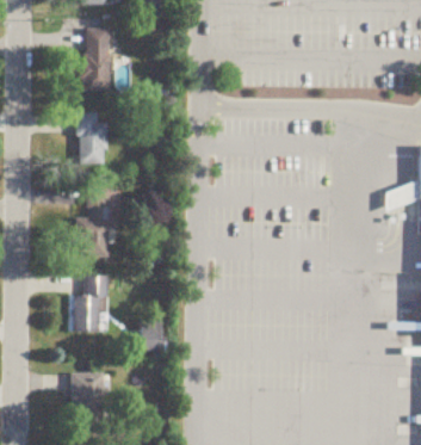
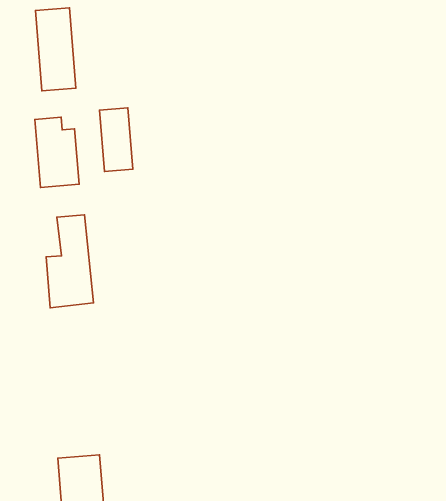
building: none -> [100,108,133,171]
building: [73,277,110,333] -> none

